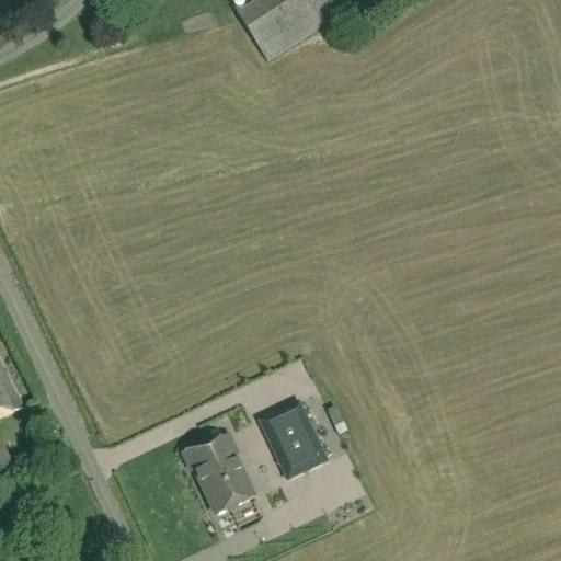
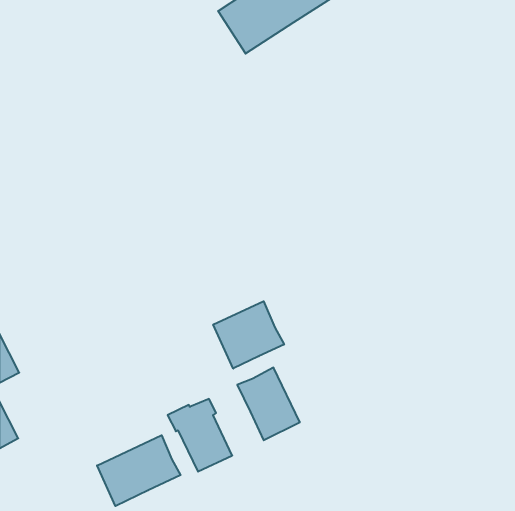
building: none -> [213,301,284,369]
building: none -> [97,435,181,506]

